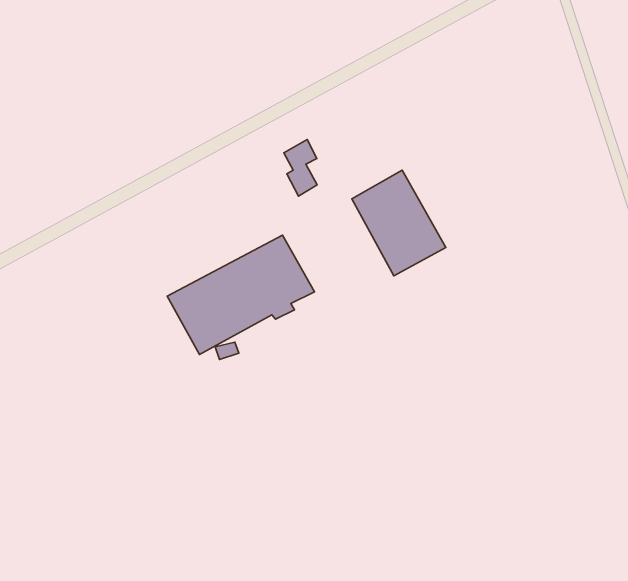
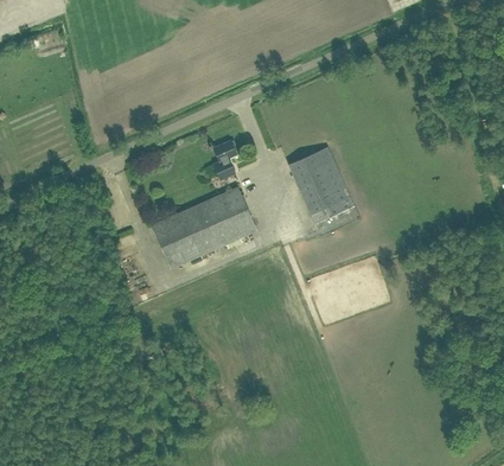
building: [284,140,317,196] -> [212,139,236,179]

